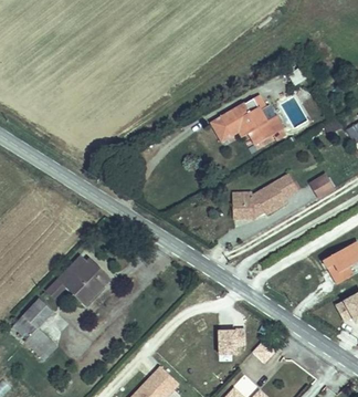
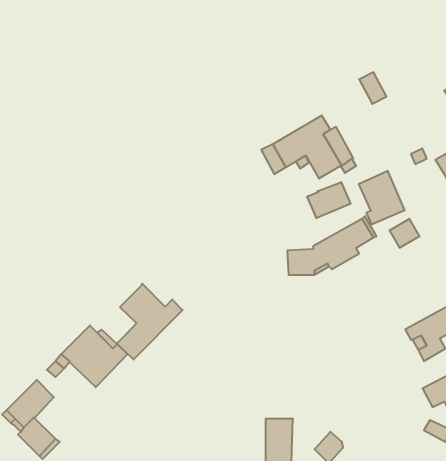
building: none -> [359,171,404,224]
building: none -> [307,182,350,218]
building: none -> [117,284,183,360]

